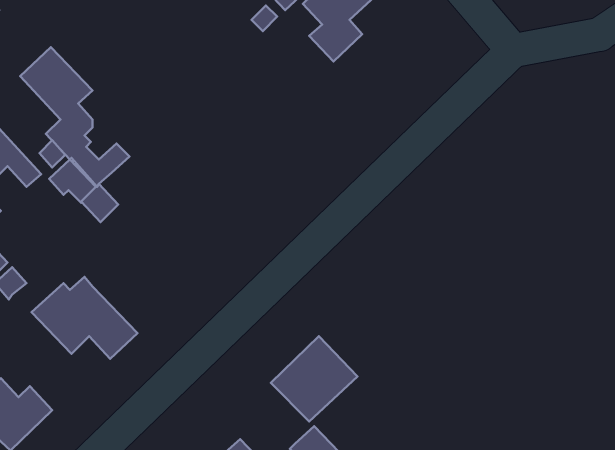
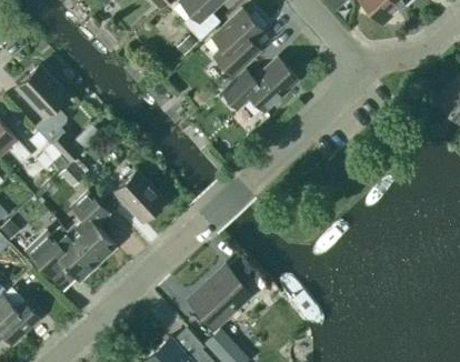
building: none -> [222,58,297,110]
building: none -> [103,171,164,221]
building: none -> [67,190,117,264]

